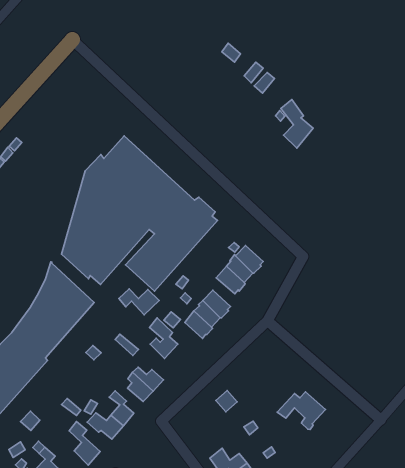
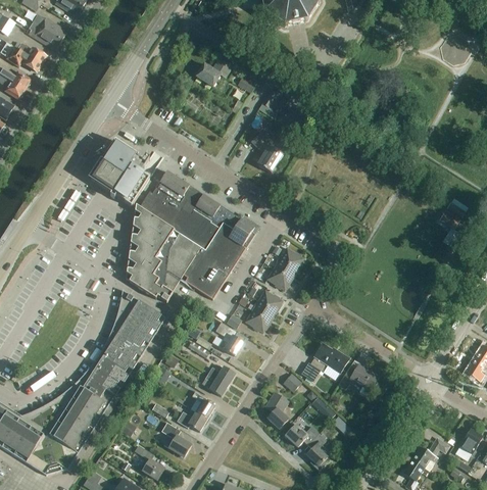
building: none -> [195,57,233,87]
building: none -> [87,140,148,206]
building: [281,100,313,148] -> [251,132,282,173]
building: [119,289,159,315] -> none
building: none -> [308,341,349,373]
building: none -> [264,391,287,428]

